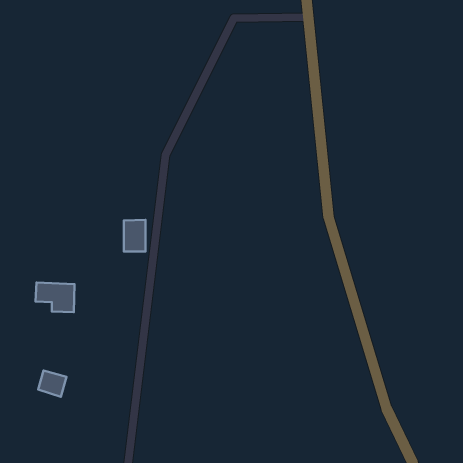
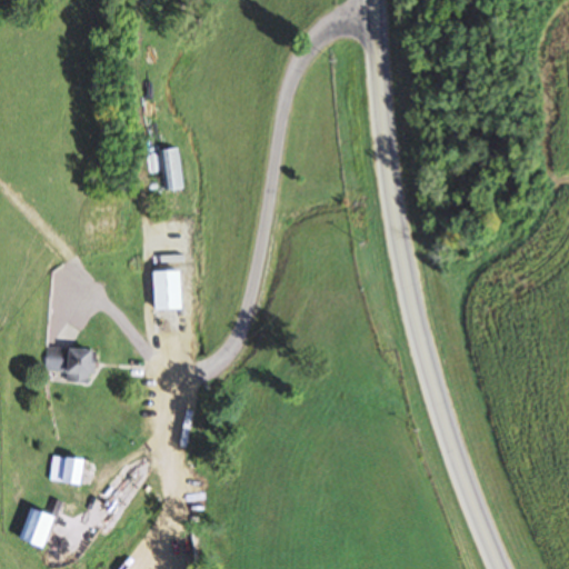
building: none -> [164,146,183,188]
building: none -> [18,508,53,549]

